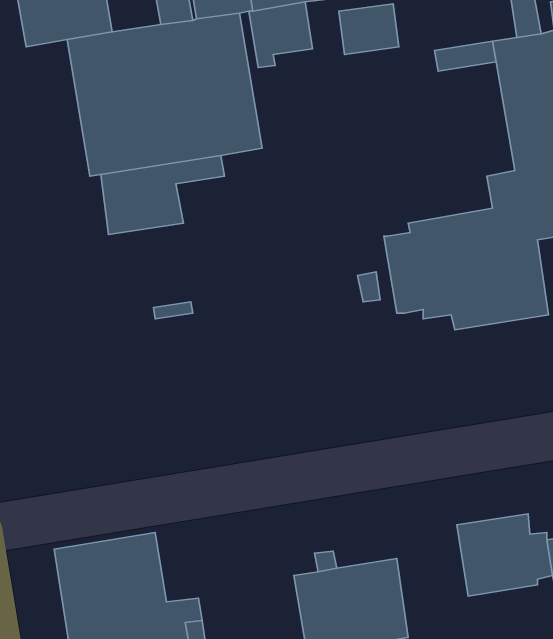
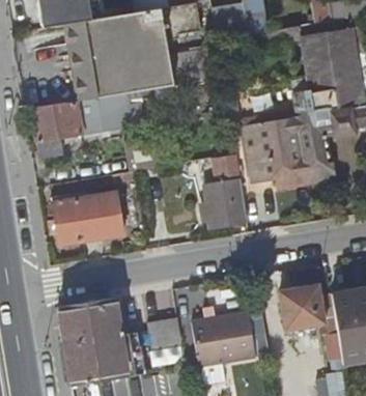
building: none -> [32,100,82,154]
building: none -> [201,179,247,229]
building: none -> [52,190,121,242]
building: none -> [146,315,180,347]

